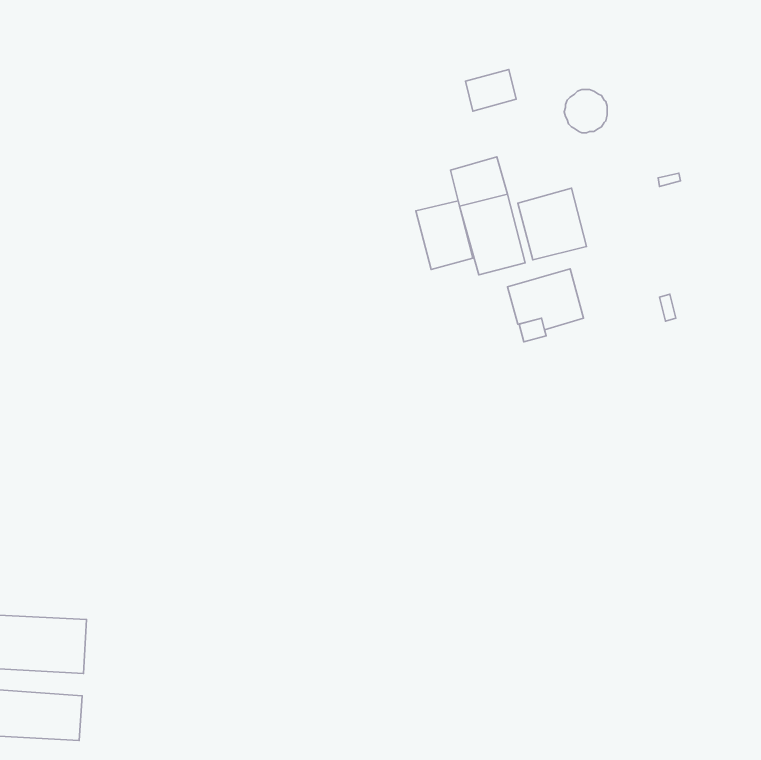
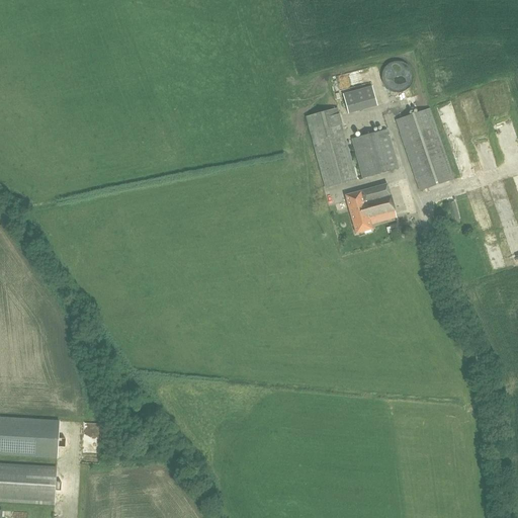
building: [466,69,516,111] -> [342,84,376,112]
building: none -> [396,106,453,189]
building: [416,201,473,270] -> none

